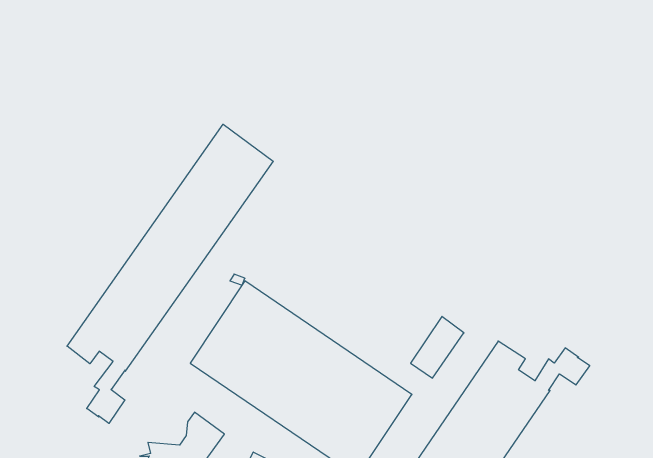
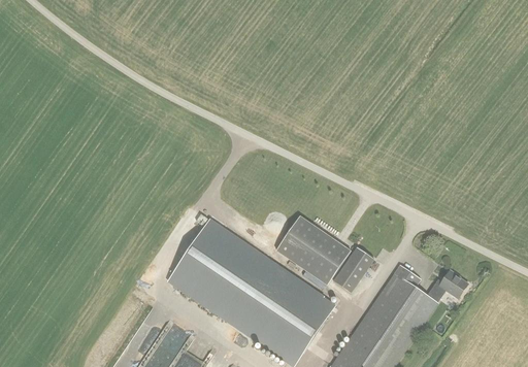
building: [67,124,273,423] -> none
building: none -> [276,215,351,285]

